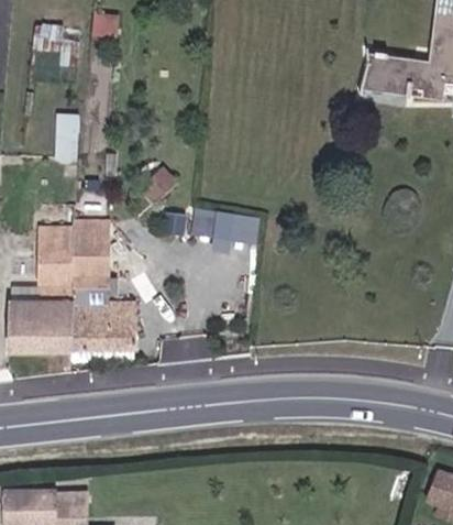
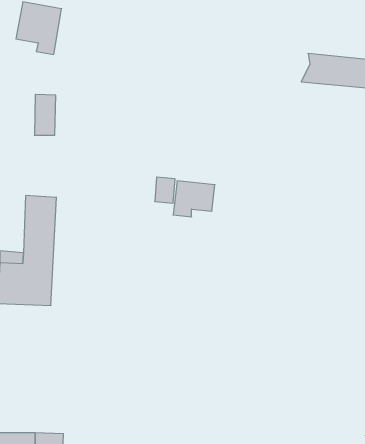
building: [70,220,134,352] -> none

